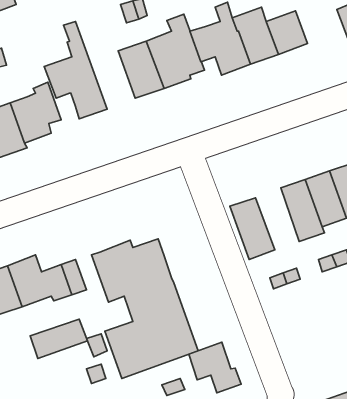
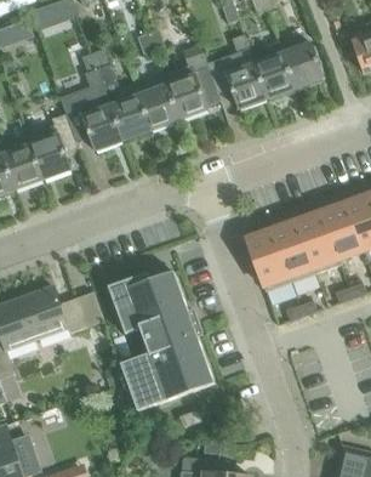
building: none -> [92,50,152,141]
building: none -> [272,220,315,282]
building: [30,319,87,358] -> none
building: [189,342,241,393] -> none

